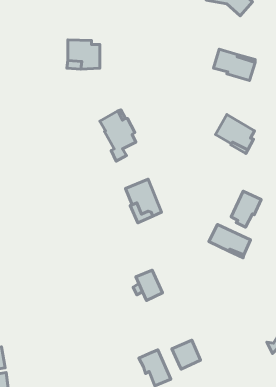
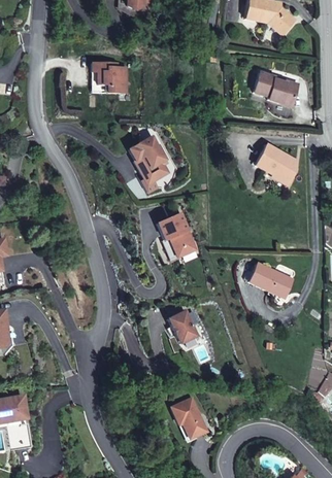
building: [231,191,261,227] -> none
building: [172,340,200,369] -> none

